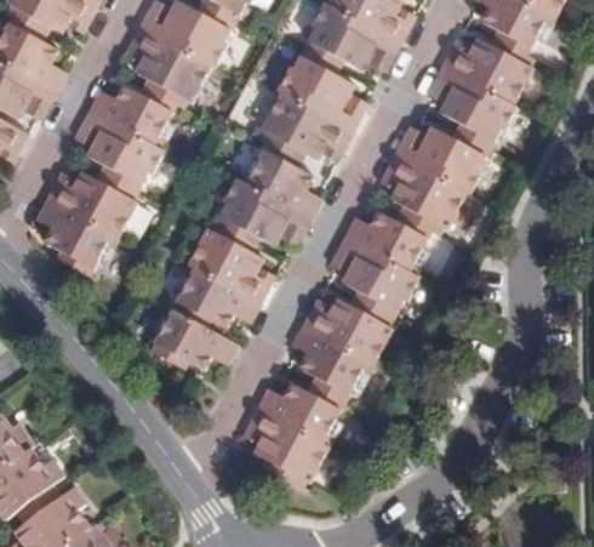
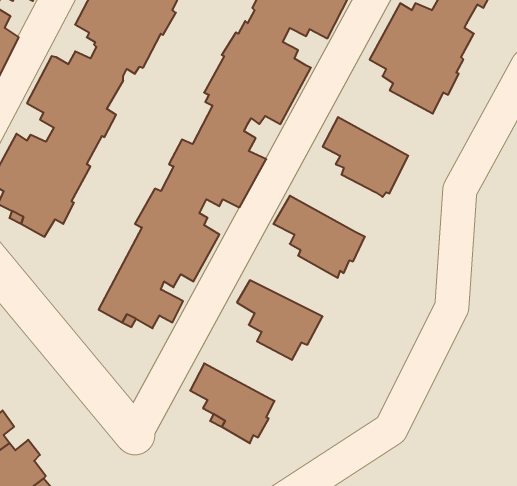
building: [394,124,492,195] -> none
building: [344,211,433,270] -> none
building: [303,295,394,358] -> none
building: [256,383,347,443] -> none

